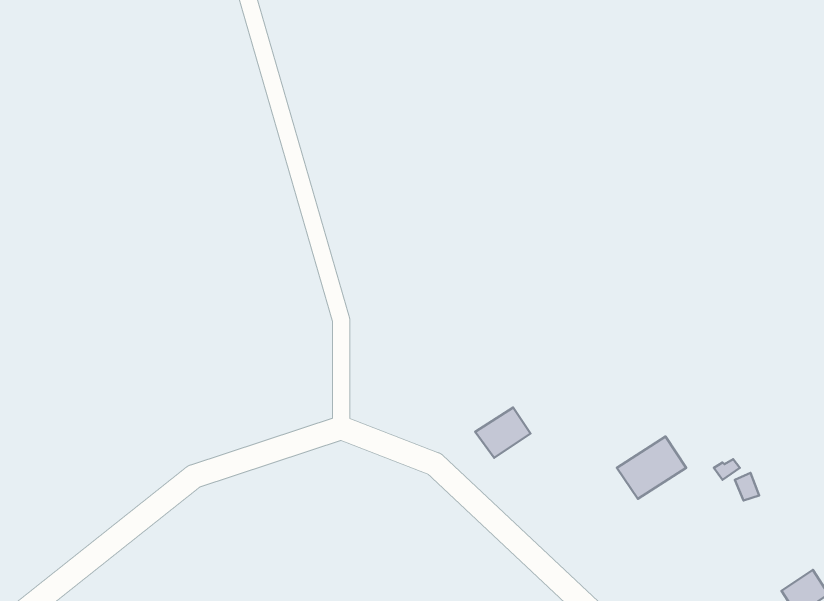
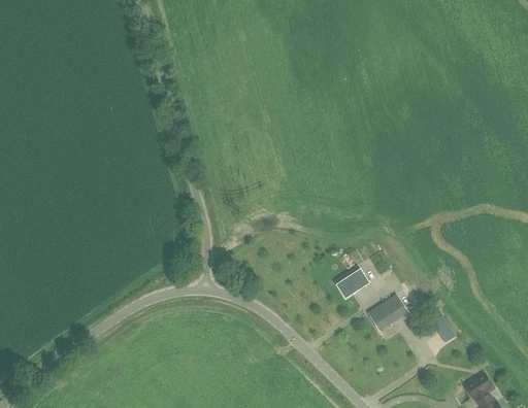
building: [475,407,530,458] -> [333,268,366,298]

